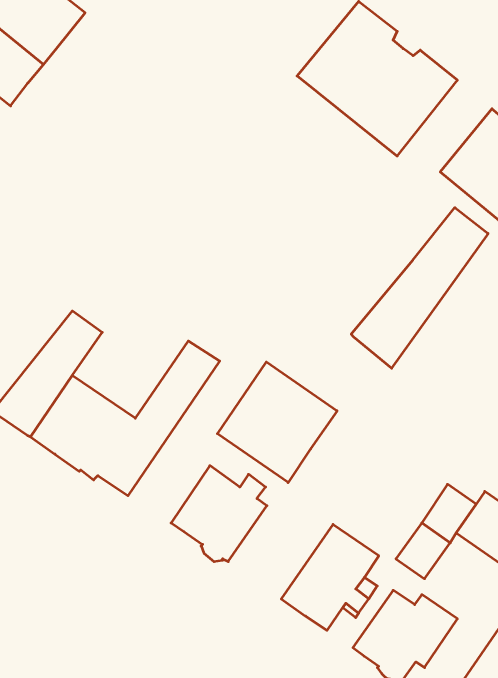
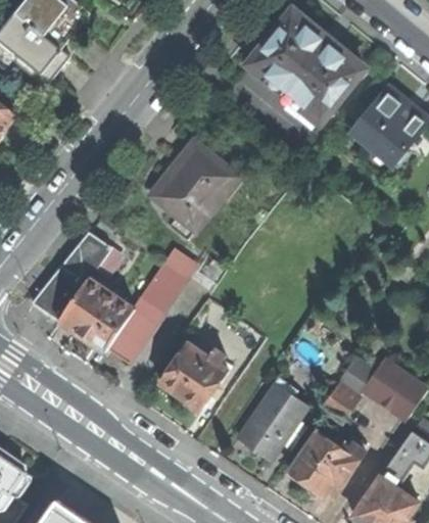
building: none -> [152,142,237,229]
building: [351,208,488,368] -> none
building: [217,362,337,483] -> none

